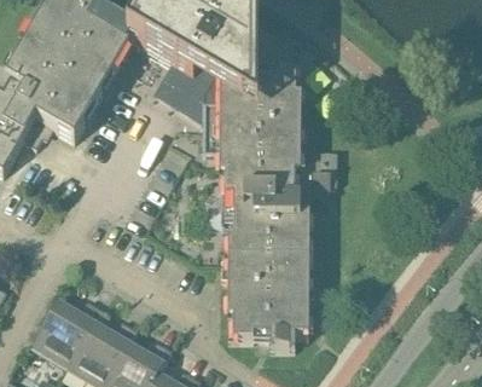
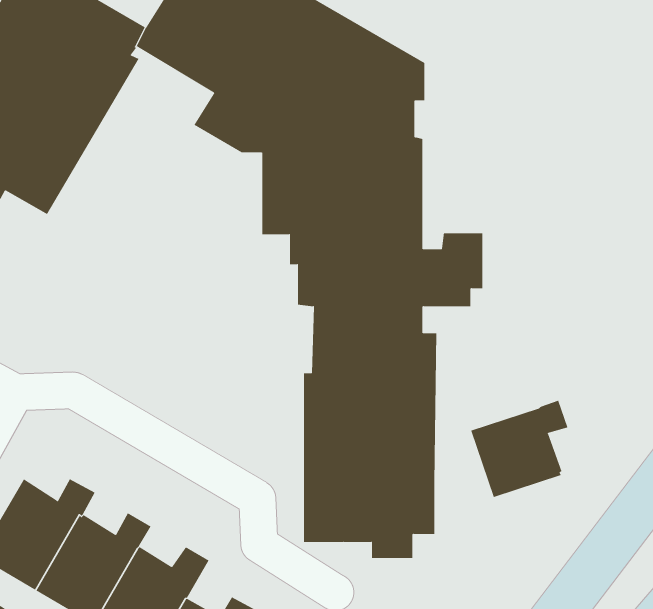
building: none -> [471,400,568,498]

